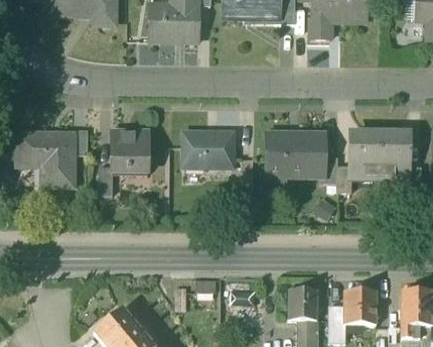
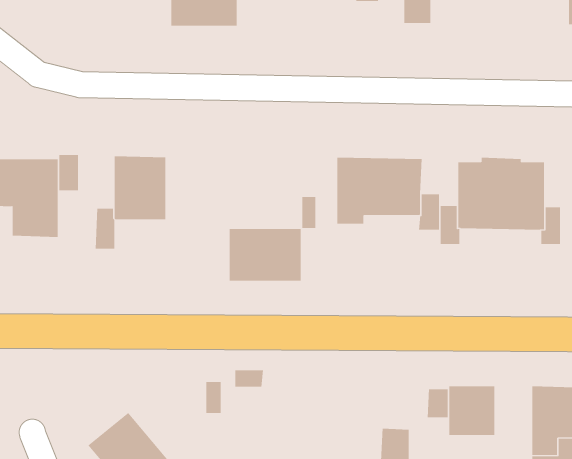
building: [183,131,234,167] -> [229,229,302,281]
building: [288,288,317,320] -> none

